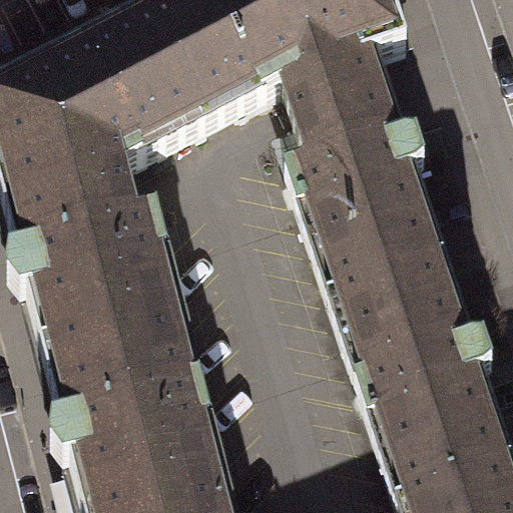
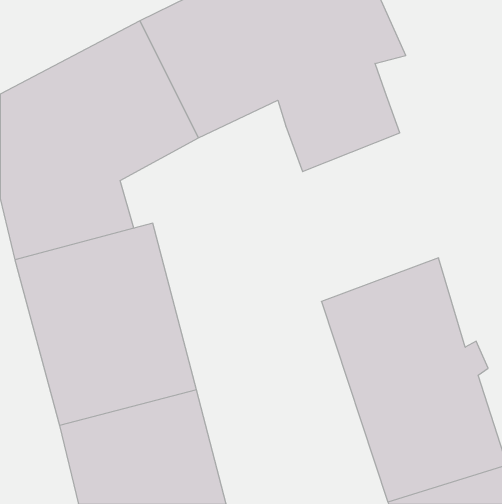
building: [288,134,448,305] -> none

